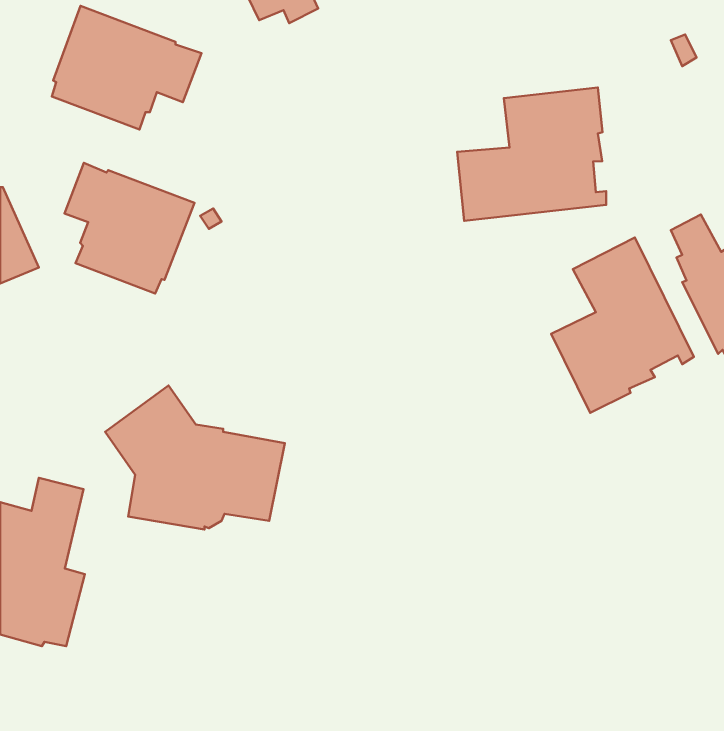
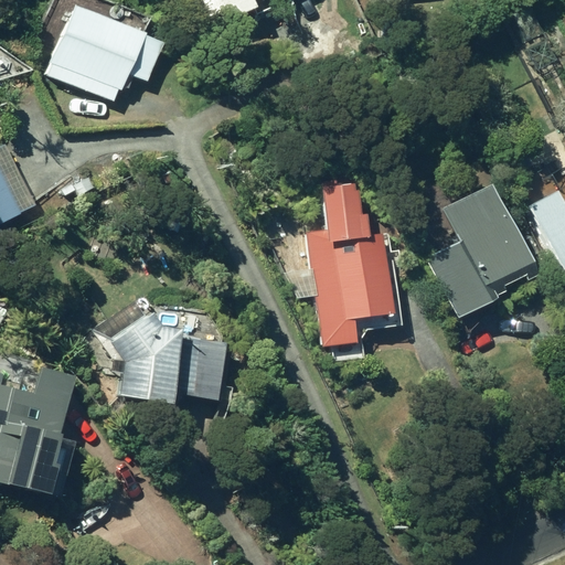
building: [457,88,606,221] -> none
building: [65,163,194,293] -> none
building: none -> [309,175,394,347]

